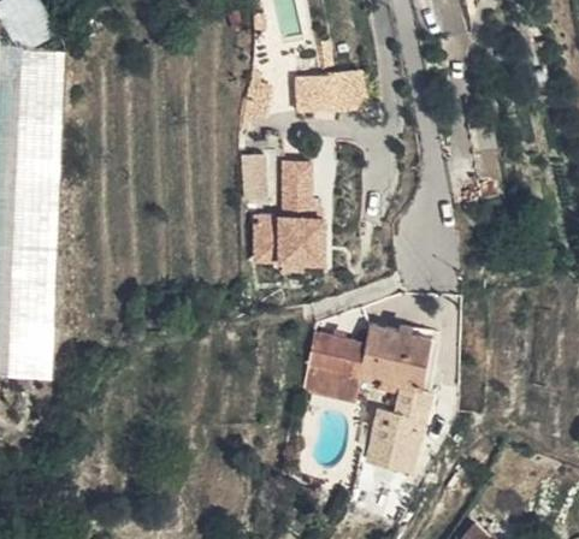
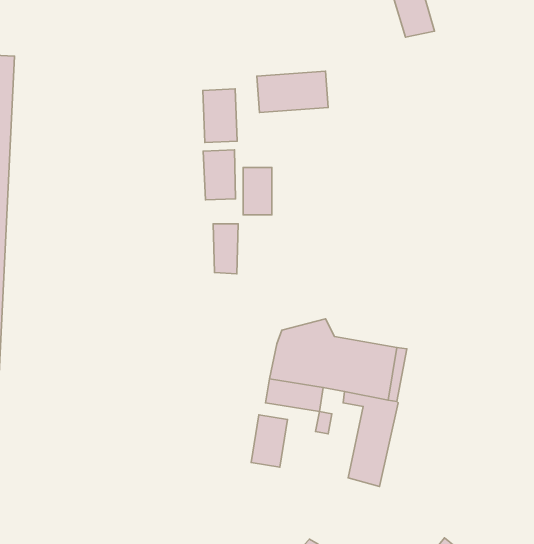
building: none -> [203,89,237,142]
building: [276,220,324,268] -> none
building: none -> [251,415,288,467]

